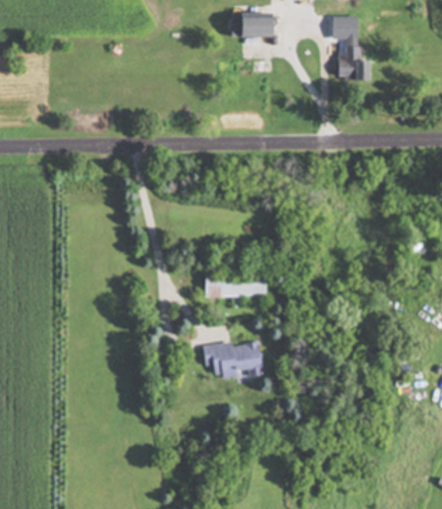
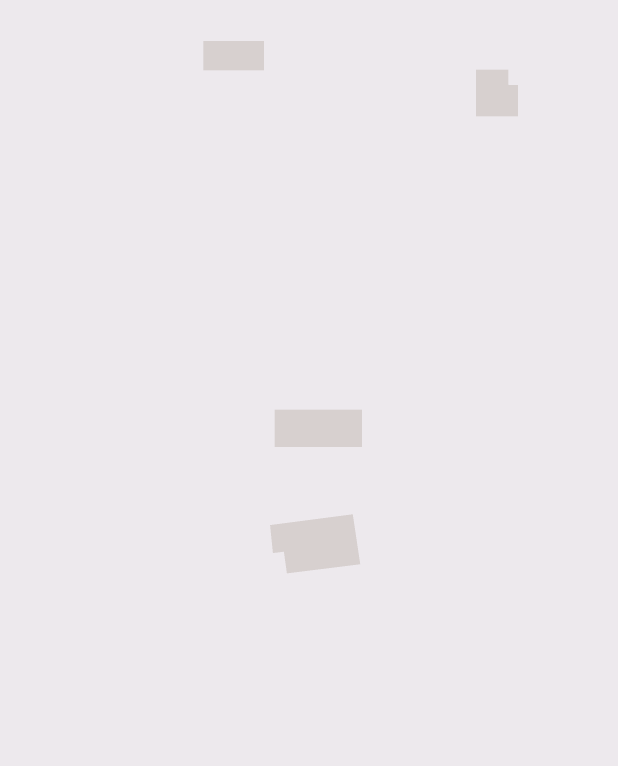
building: [230,16,271,37] -> [202,40,265,71]
building: [332,16,358,40] -> none

